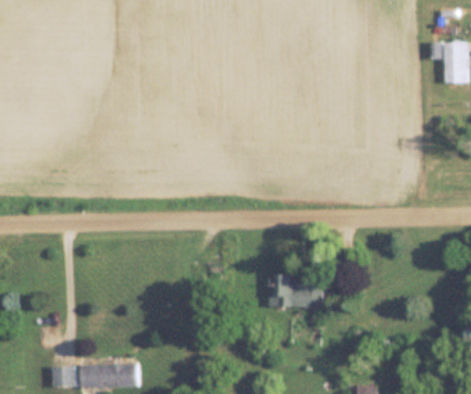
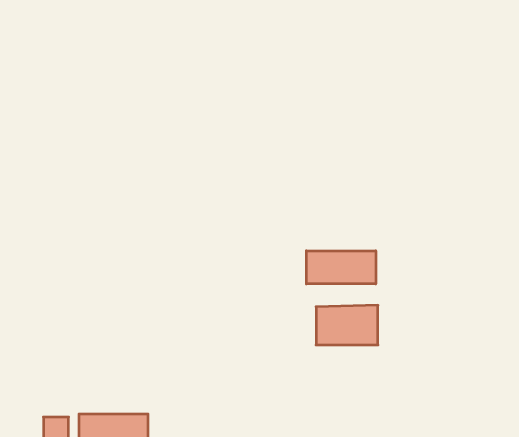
building: none -> [306,251,376,284]

